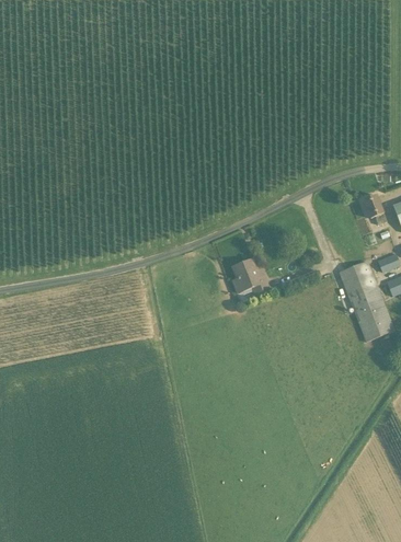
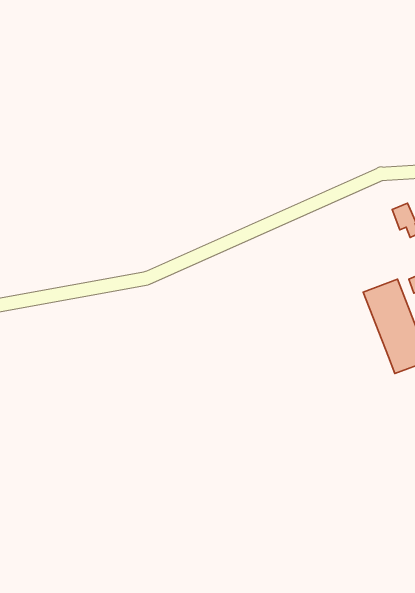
building: [232,257,270,295] -> none

